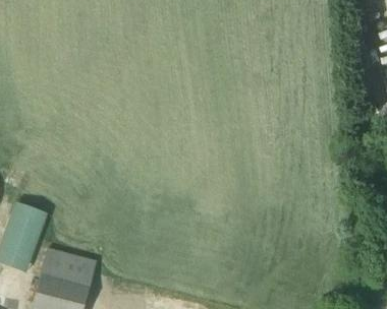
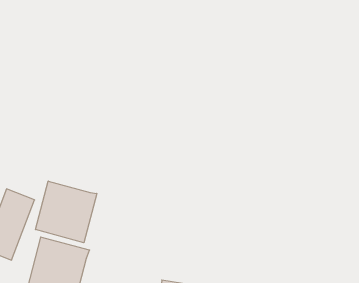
building: none -> [36,181,97,243]

